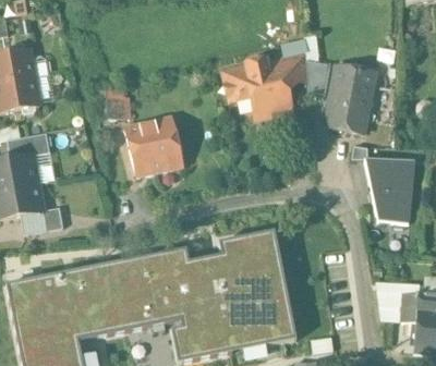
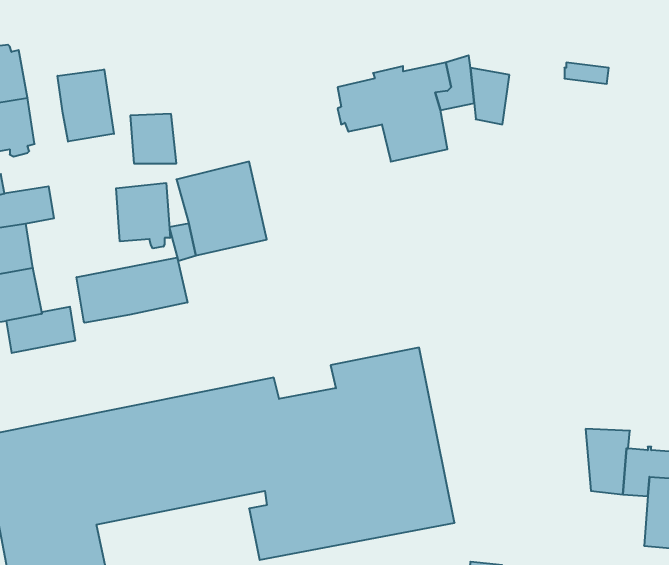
building: none -> [58,69,114,142]
building: [325,63,375,133] -> none
building: none -> [116,183,170,248]
building: [370,151,424,222] -> none
building: none -> [77,258,187,323]

